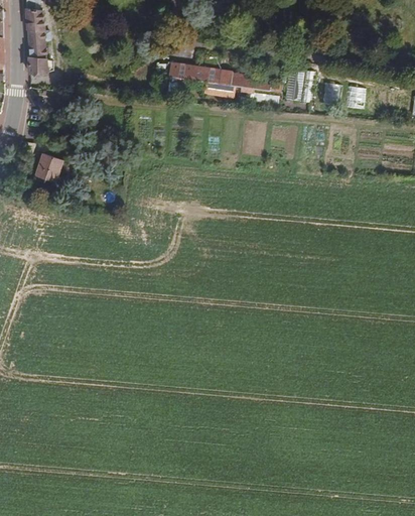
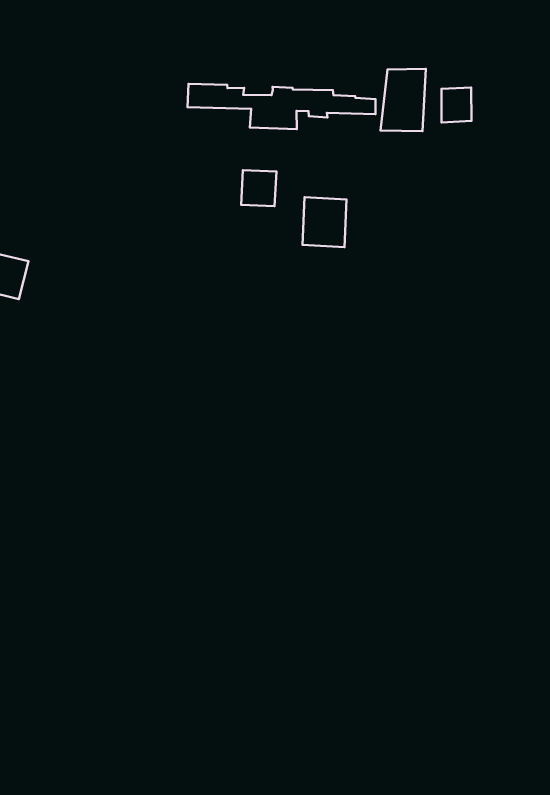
building: none -> [241,170,276,206]
building: none -> [302,197,346,247]

